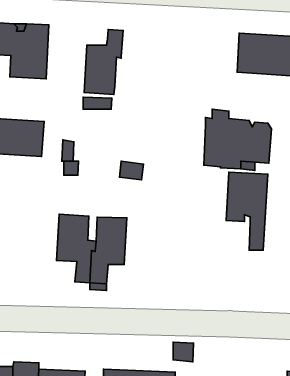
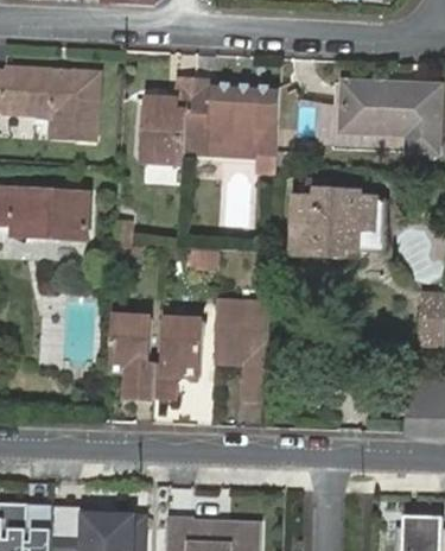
building: none -> [191,80,276,154]
building: [226,172,268,250] -> [210,303,263,403]

